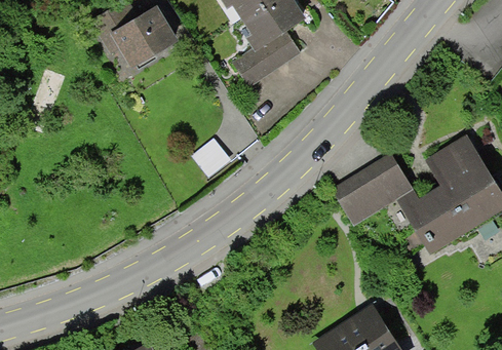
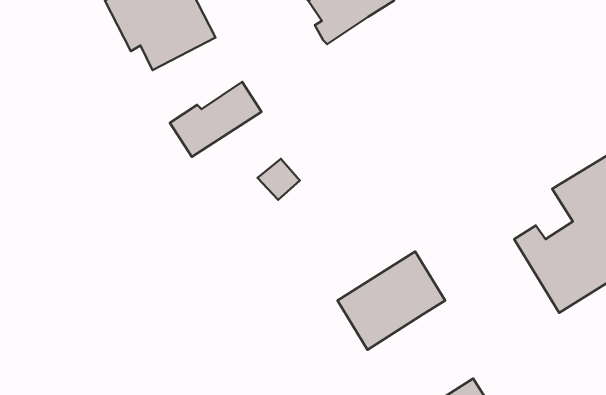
building: [234,31,303,87] -> [170,82,261,157]
building: [334,151,415,225] -> [337,252,445,350]

